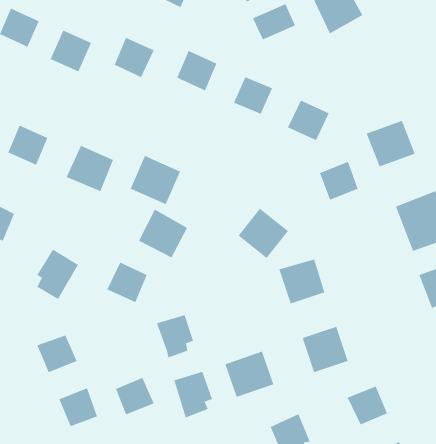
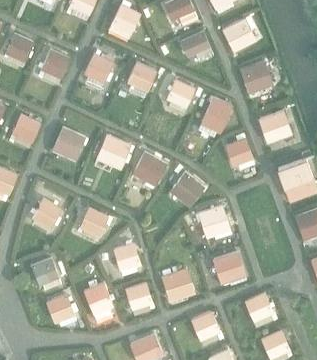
building: none -> [240,61,273,93]
building: [138,209,188,258] -> [133,151,167,185]

